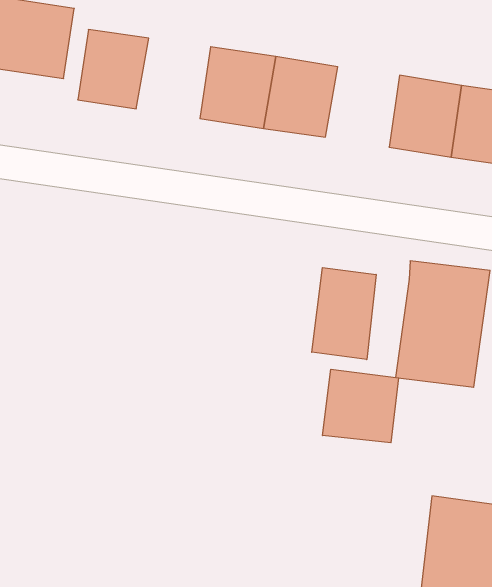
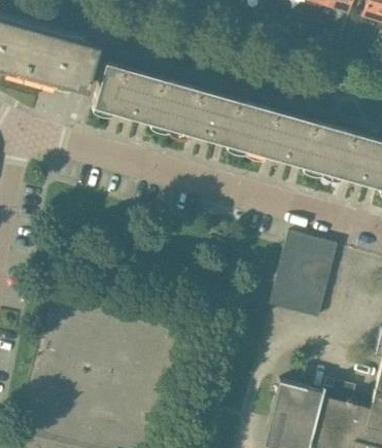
building: none -> [128,73,179,128]
building: none -> [244,106,296,161]
building: [312,268,376,360] -> none
building: [323,369,399,443] -> none

